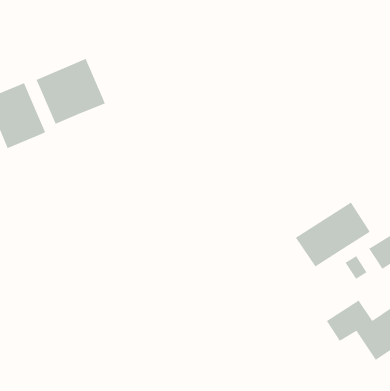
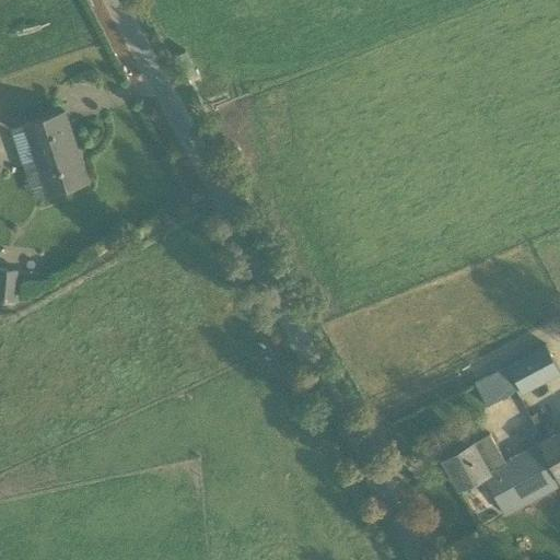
building: [35,58,106,125] -> none
building: [295,201,371,267] -> none

